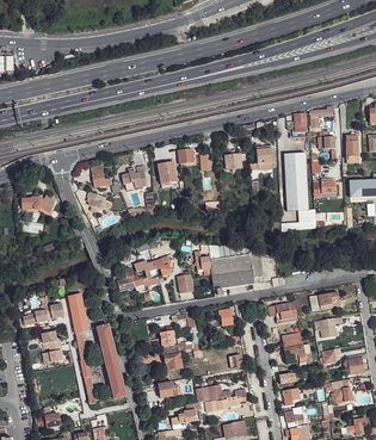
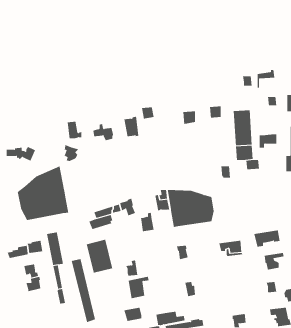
building: none -> [17,165,69,221]
building: none -> [86,239,113,274]
building: [283,331,310,362] -> none

